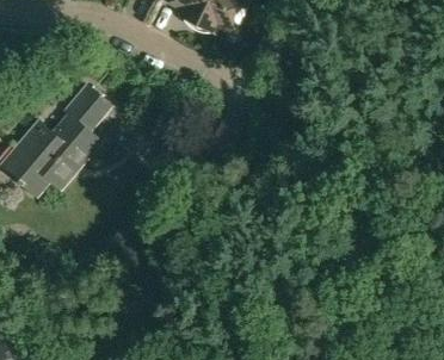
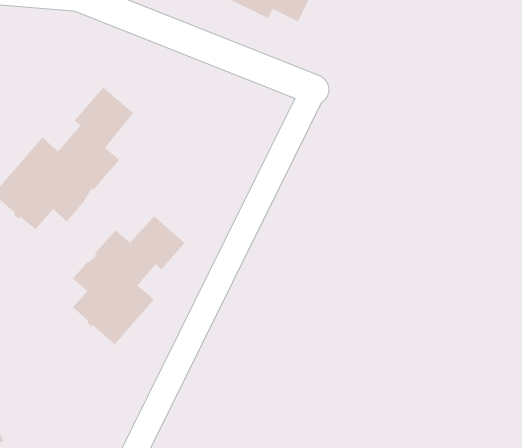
building: none -> [72,216,185,345]

